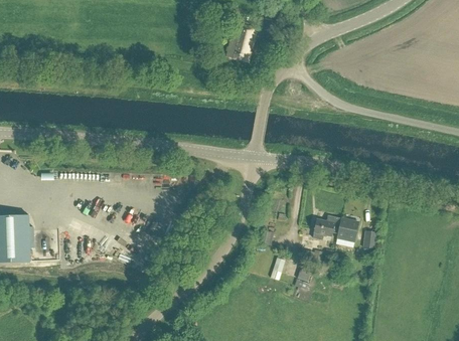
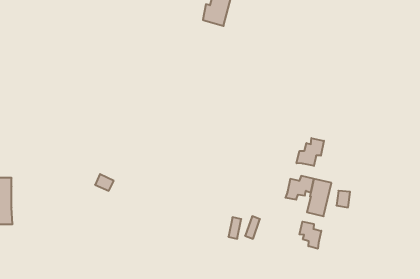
building: none -> [297,138,324,166]
building: none -> [299,222,321,249]

